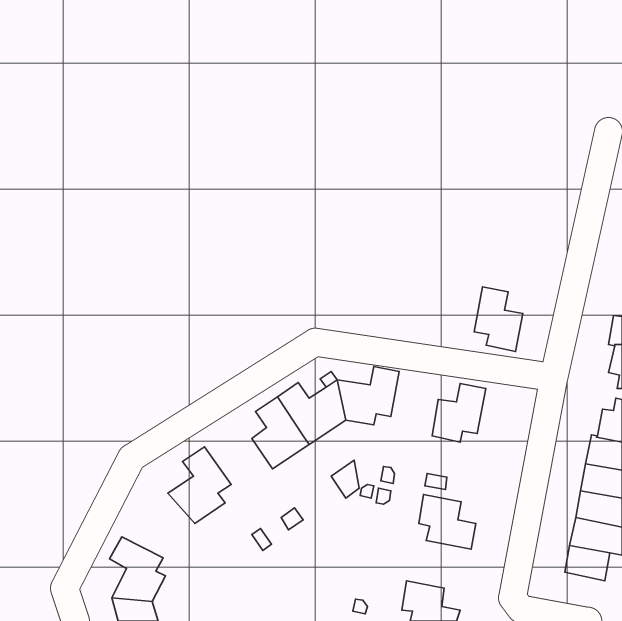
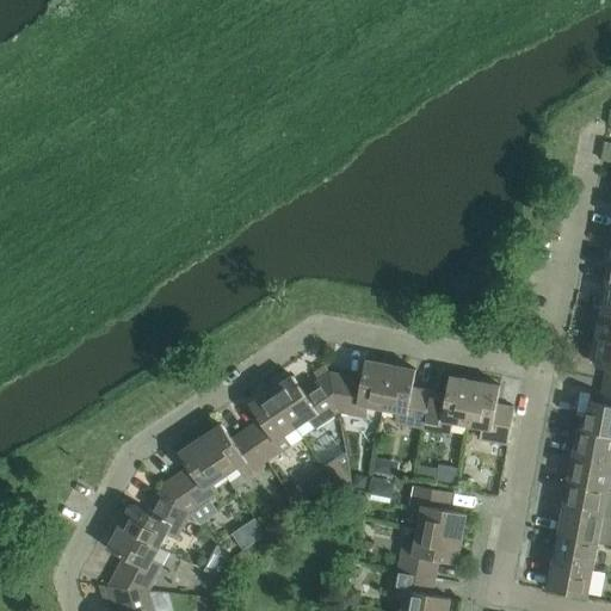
building: [474,287,523,351] -> [468,381,516,444]
building: none -> [383,364,430,427]
building: none -> [200,424,267,476]
building: none -> [119,483,191,547]
building: none -> [399,530,462,576]
building: none -> [549,561,593,597]

